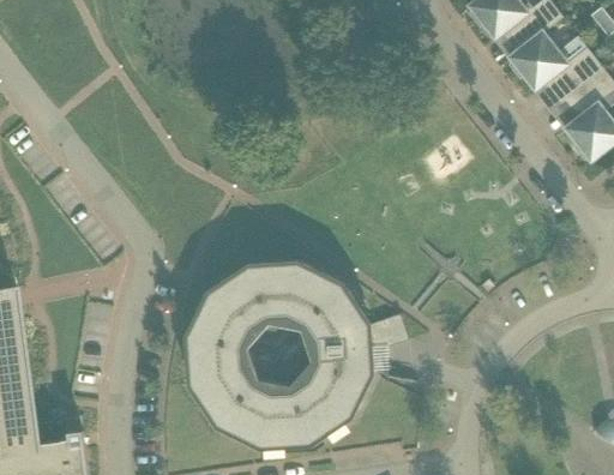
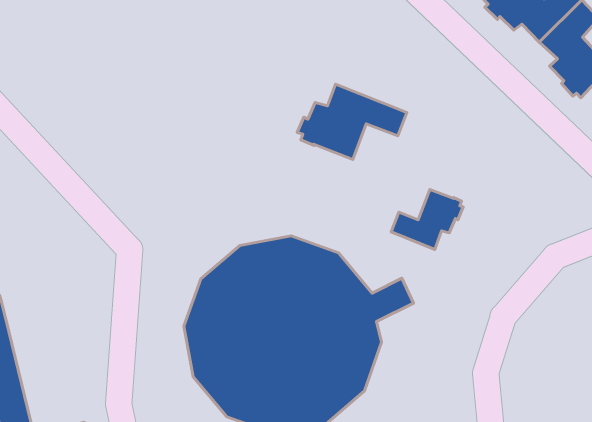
building: none -> [297,84,407,159]
building: none -> [391,189,463,249]

